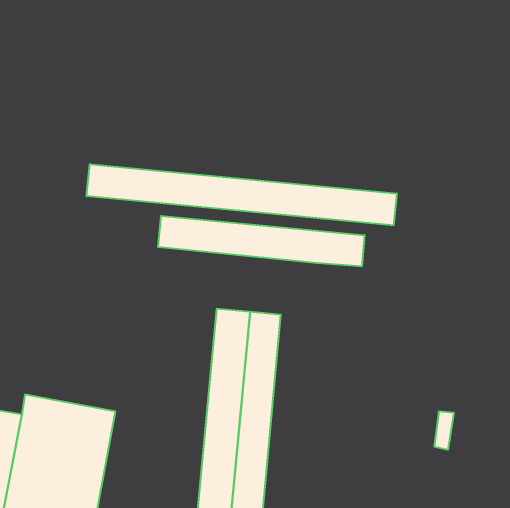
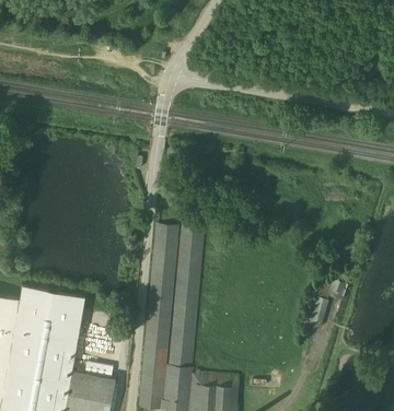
building: [87,164,397,225] -> none
building: [158,216,365,267] -> none

